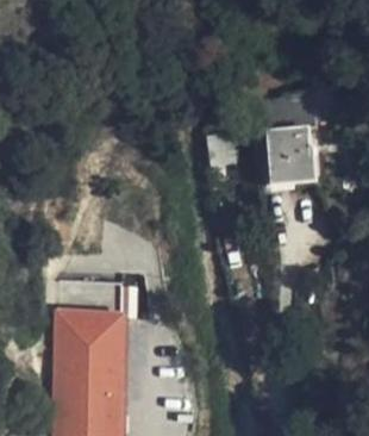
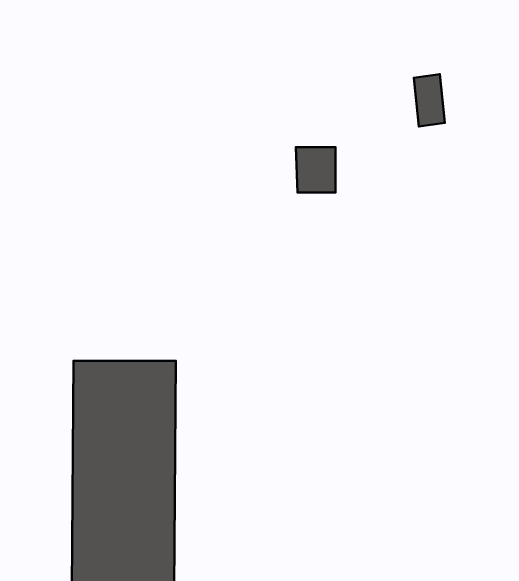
building: [269,131,312,183] -> none

